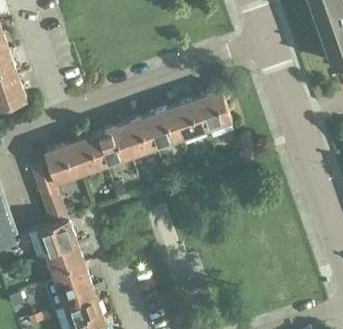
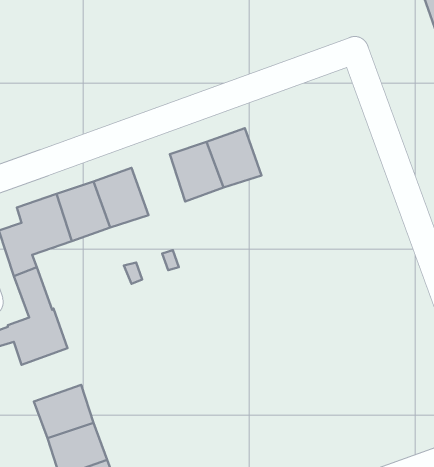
building: [195,91,232,132] -> none
building: [120,117,155,158] -> none
building: [47,246,86,281] -> none

